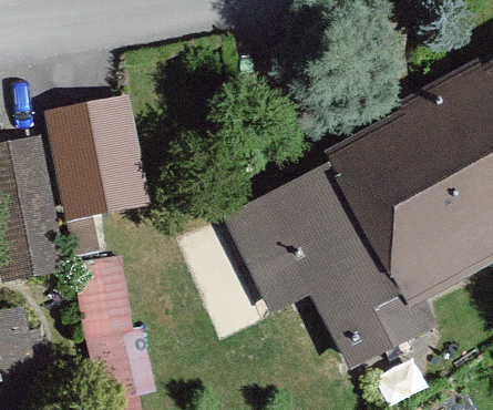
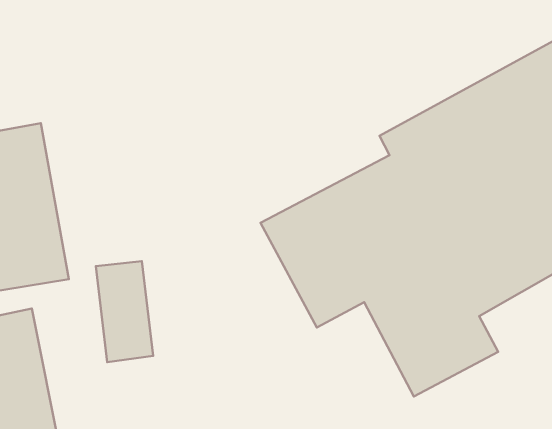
building: [40,93,151,222] -> none

